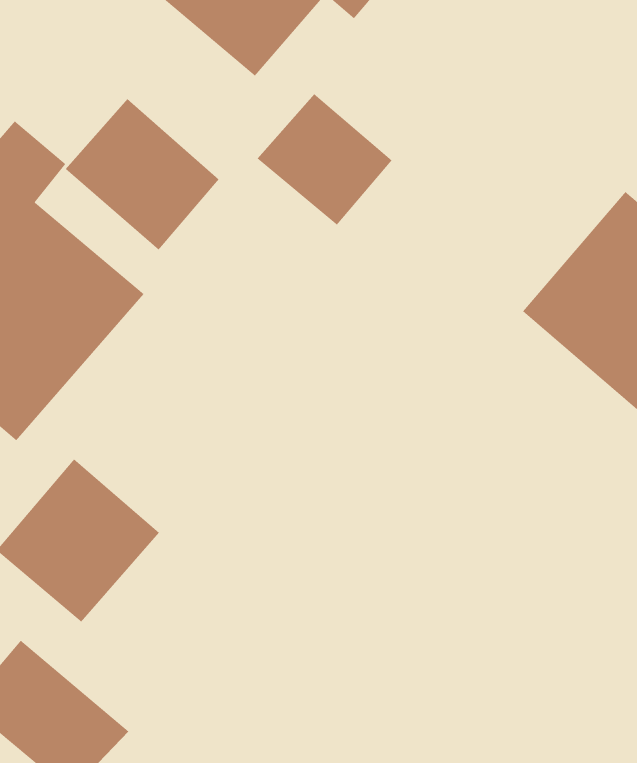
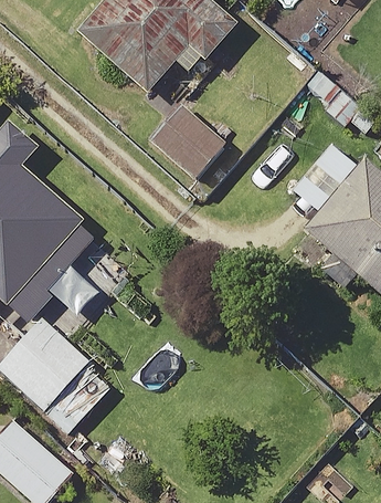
building: [65,98,219,250] -> none

